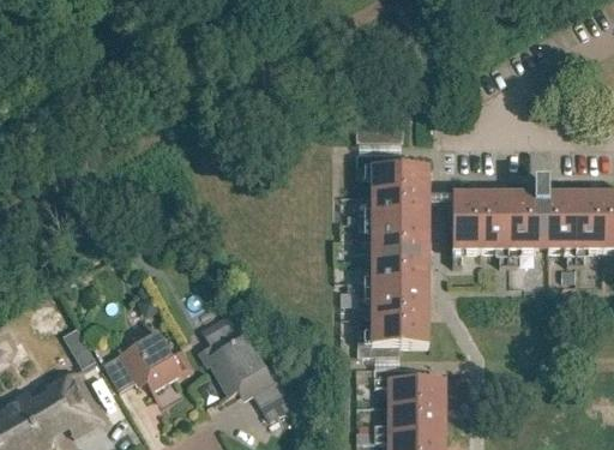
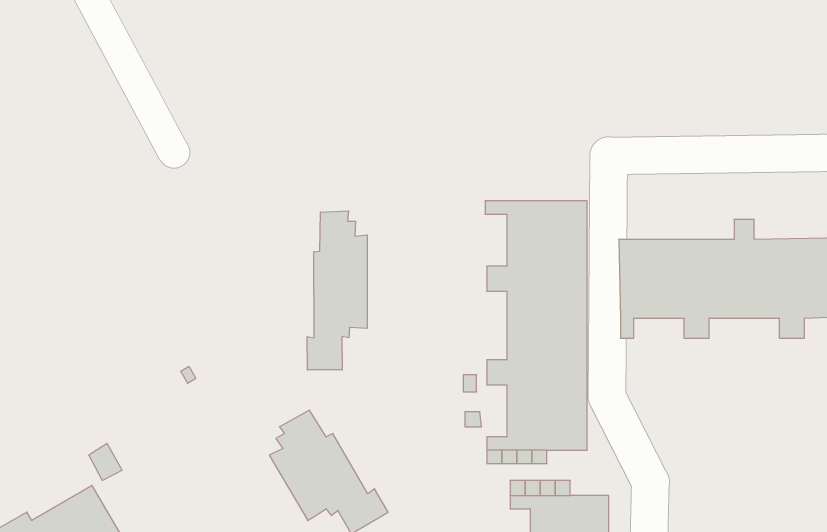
building: none -> [307,211,367,370]
building: [103,330,192,390] -> none

